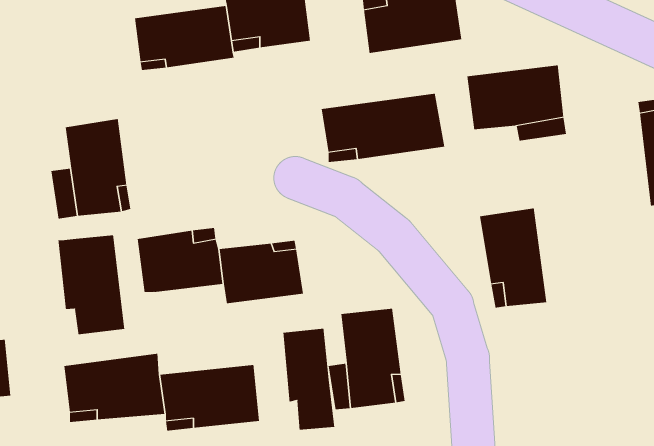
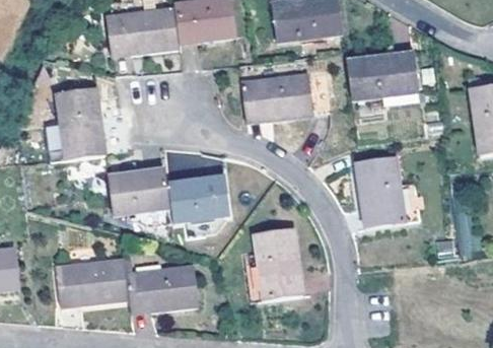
building: [58,234,125,335] -> none
building: [283,328,335,430] -> none

